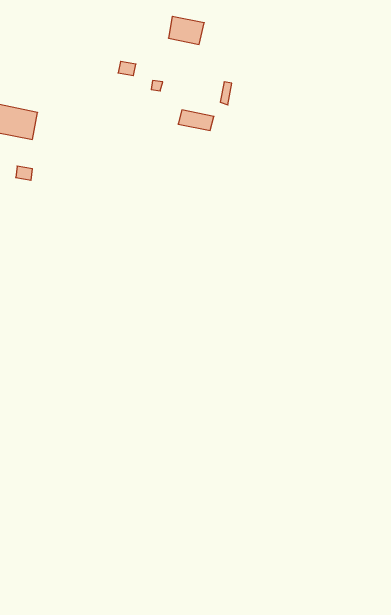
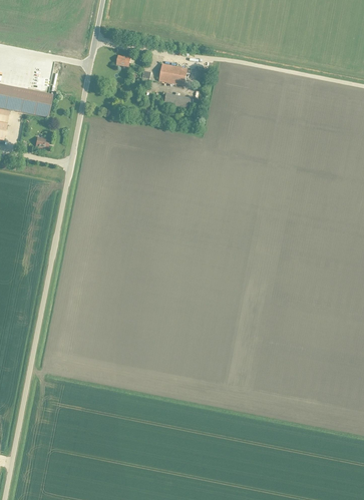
building: [168,16,204,44] -> [158,63,187,85]

